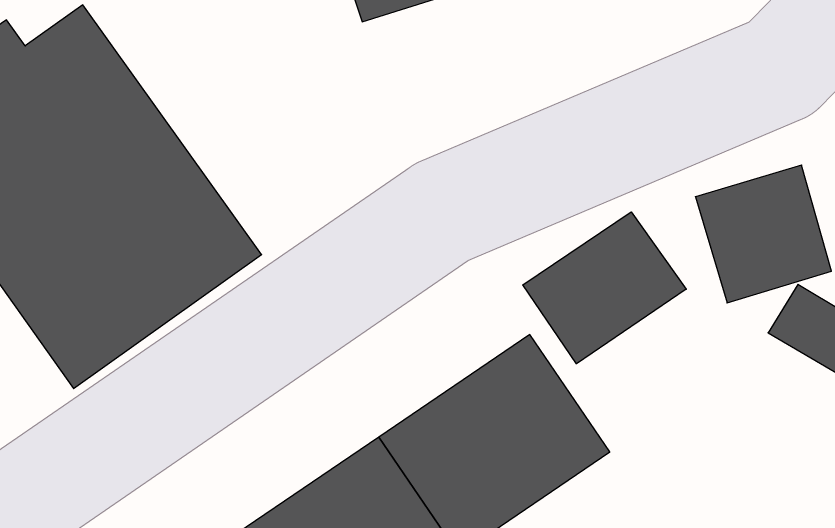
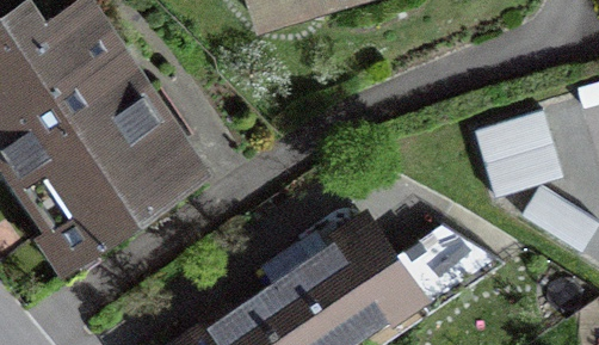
building: [523,212,686,364] -> none

